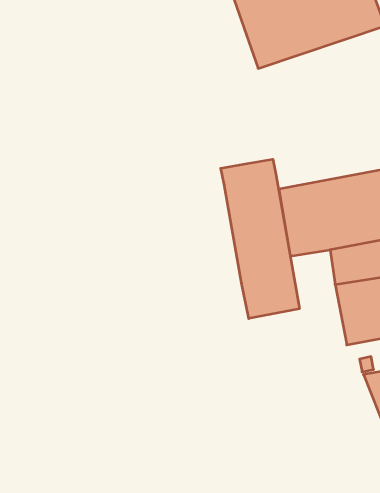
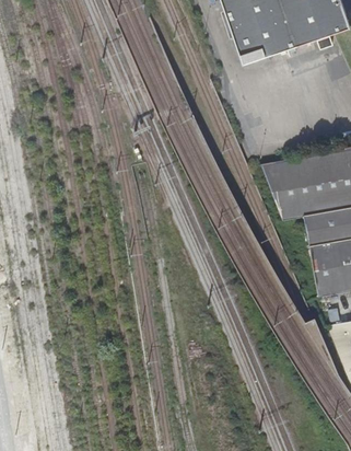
building: [221,159,299,319] -> none

